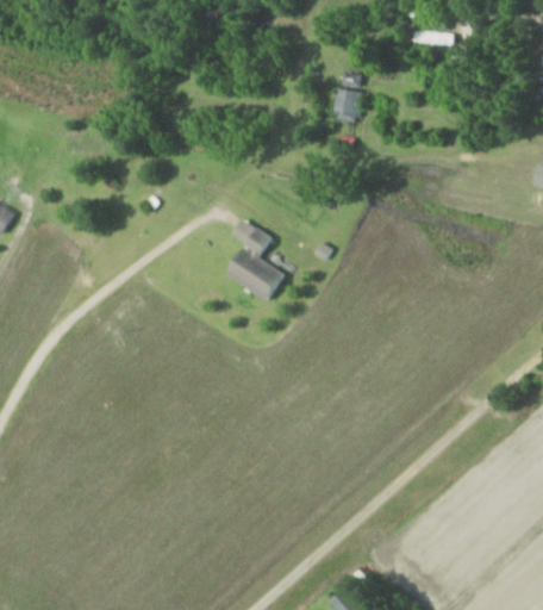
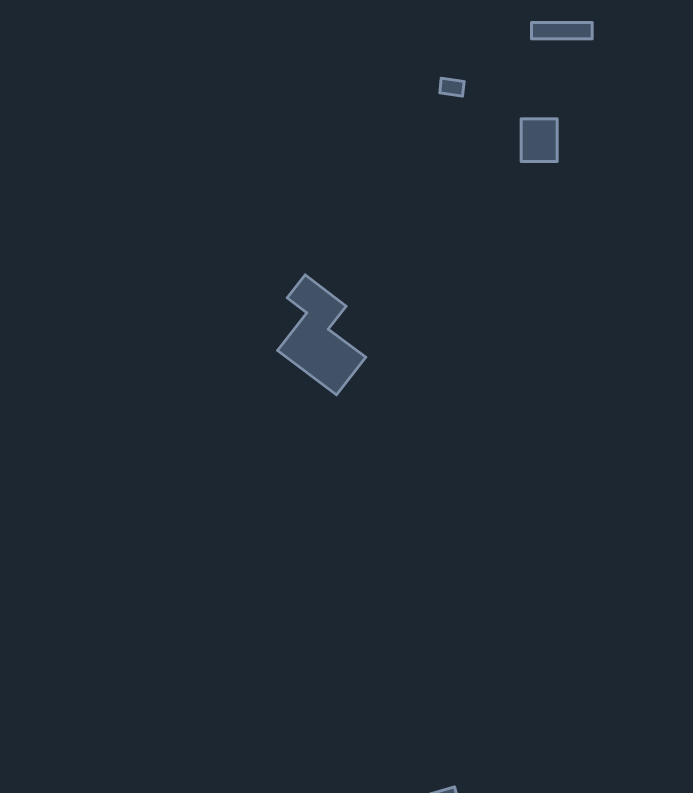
building: [333,89,360,120] -> [521,119,557,161]

